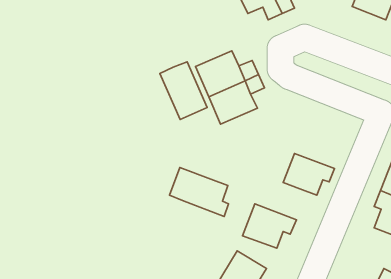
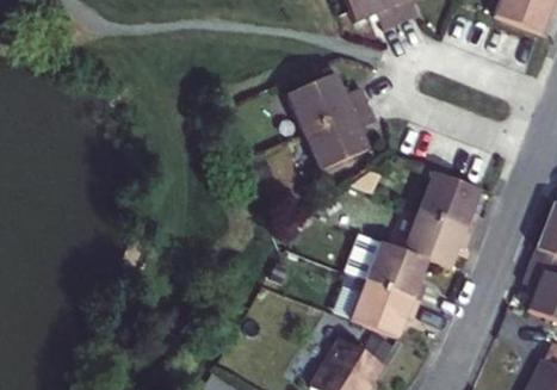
building: [160,62,207,120] -> none
building: none -> [420,171,479,229]
building: [169,168,229,216] -> [348,233,428,298]

